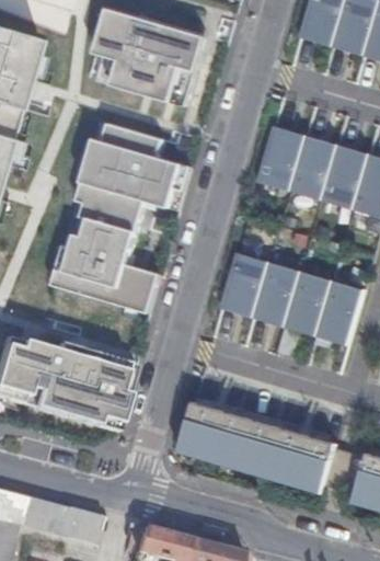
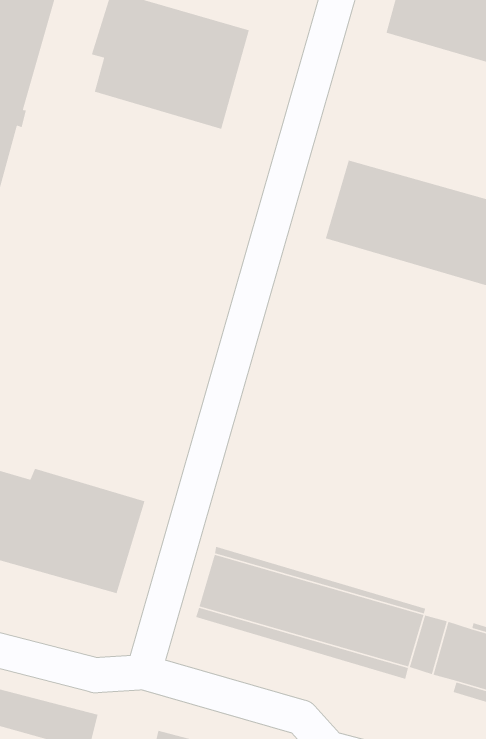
building: [48,119,187,312] -> none
building: [219,253,362,346] -> none

